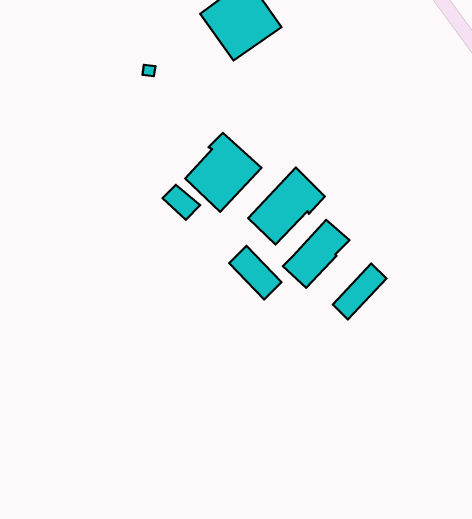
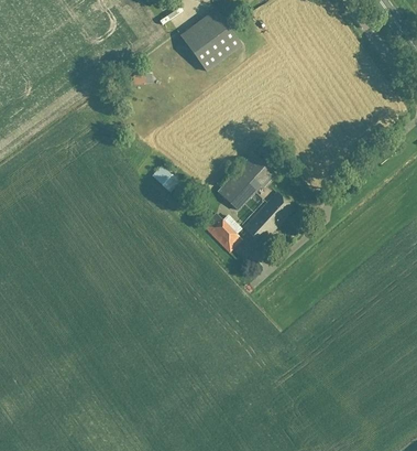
building: [185,133,262,212] -> none
building: [333,264,386,320] -> none

